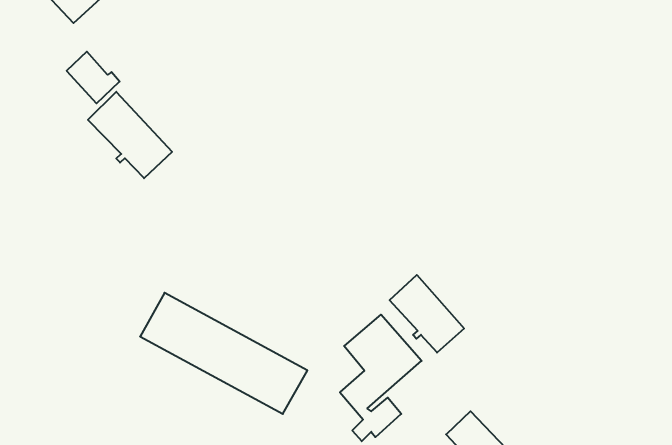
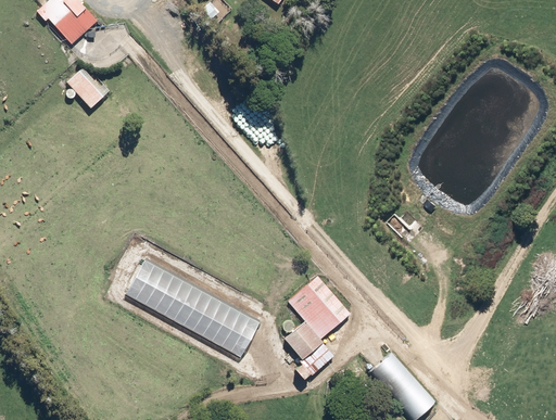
building: [88,92,172,178] -> none
building: [390,275,464,353] -> none

